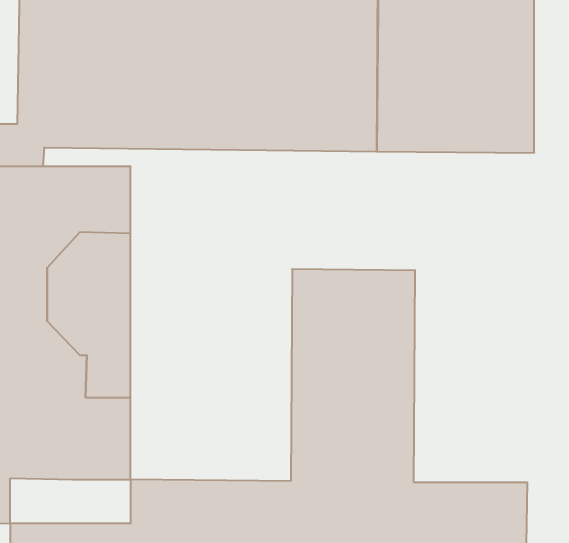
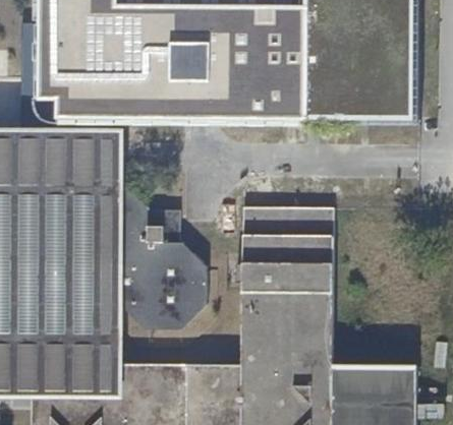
building: none -> [120,180,205,328]
building: none -> [31,362,120,396]

